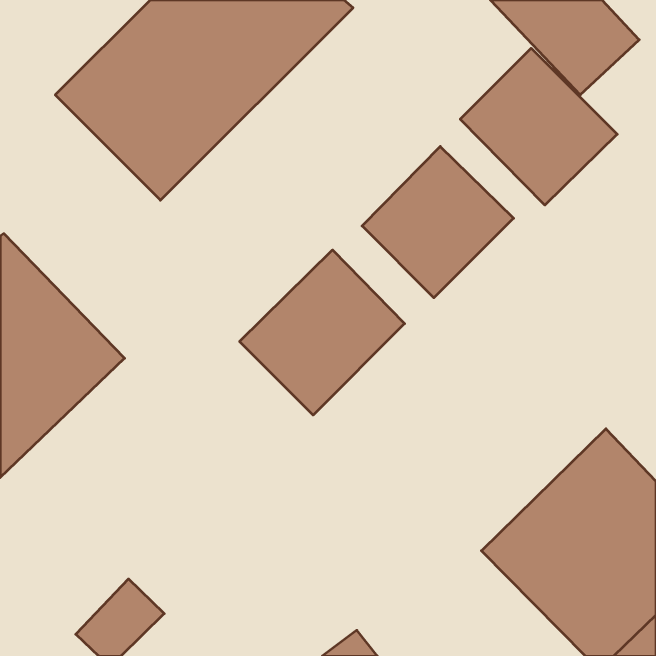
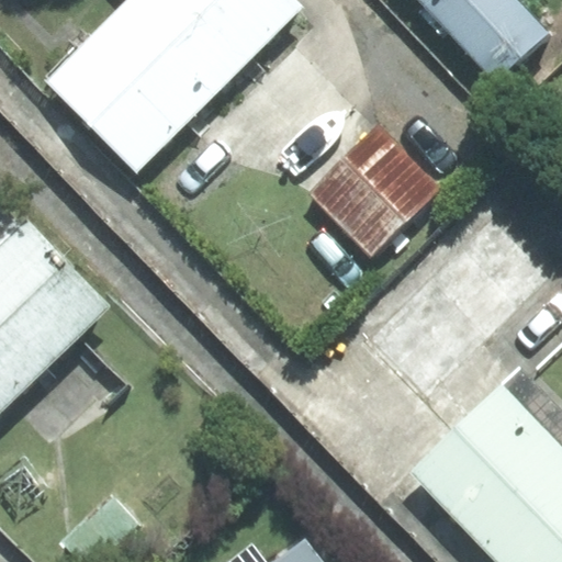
building: [460,48,617,205] -> none
building: [240,250,405,415] -> none

